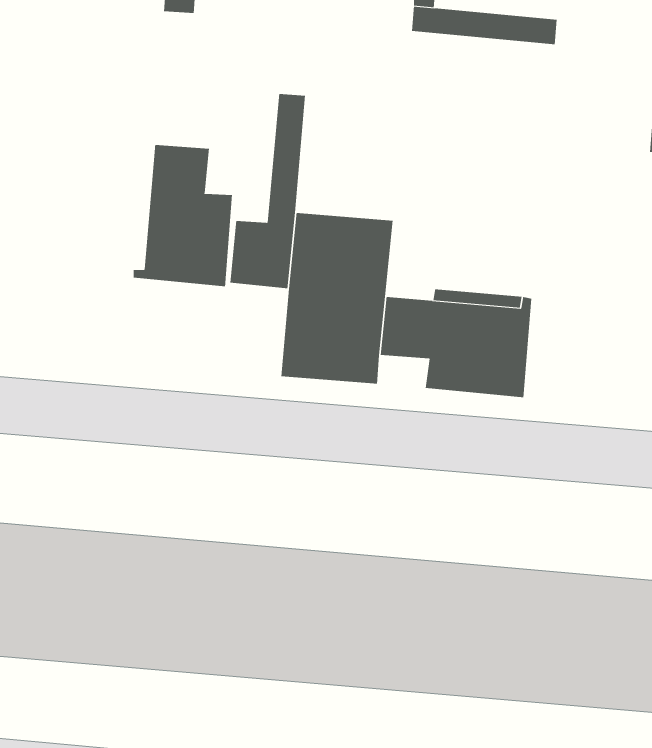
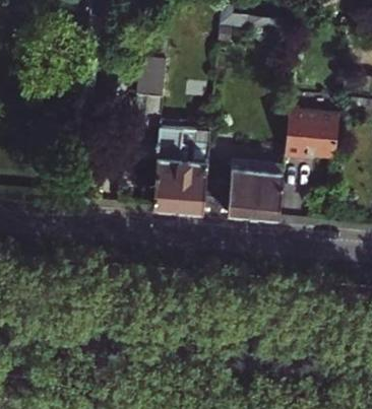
building: [133,144,232,287] -> none
building: none -> [284,101,338,160]

